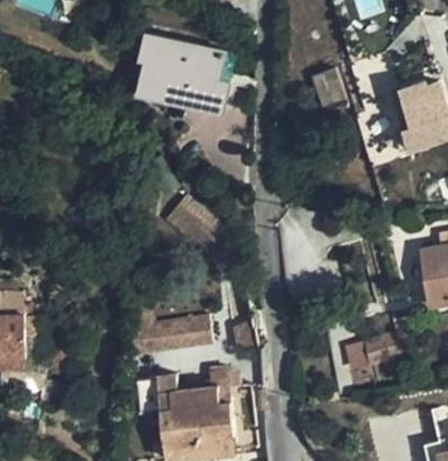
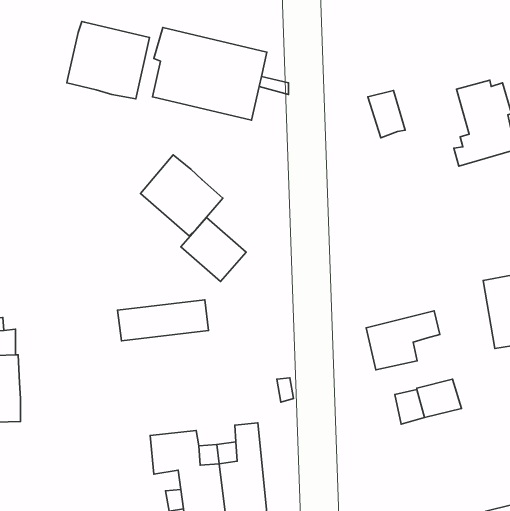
building: none -> [67,22,149,99]
building: none -> [140,155,223,236]
building: none -> [366,311,440,370]
building: [132,319,209,354] -> [118,300,209,341]

